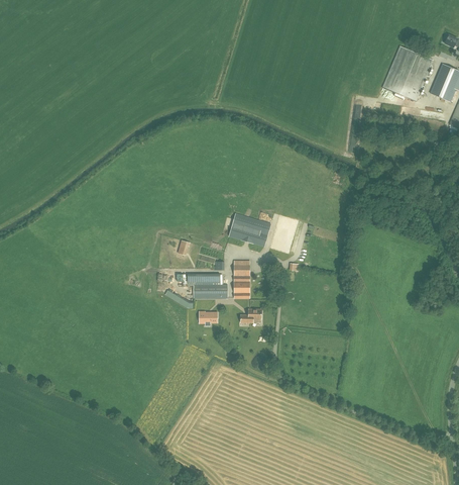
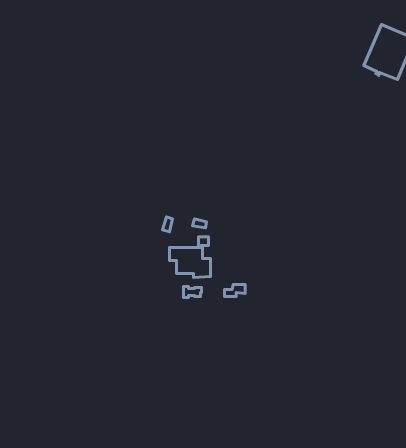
building: [229,213,270,246] -> none
building: [233,263,249,298] -> none

